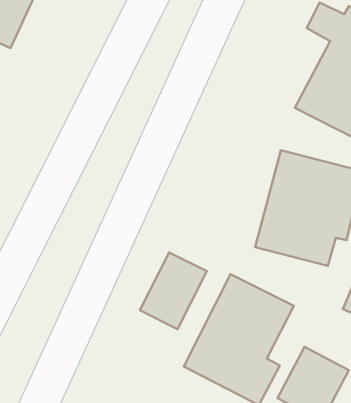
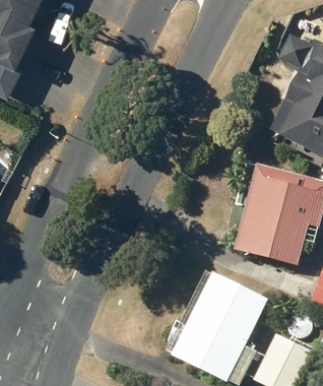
building: [140,252,207,329] -> none

